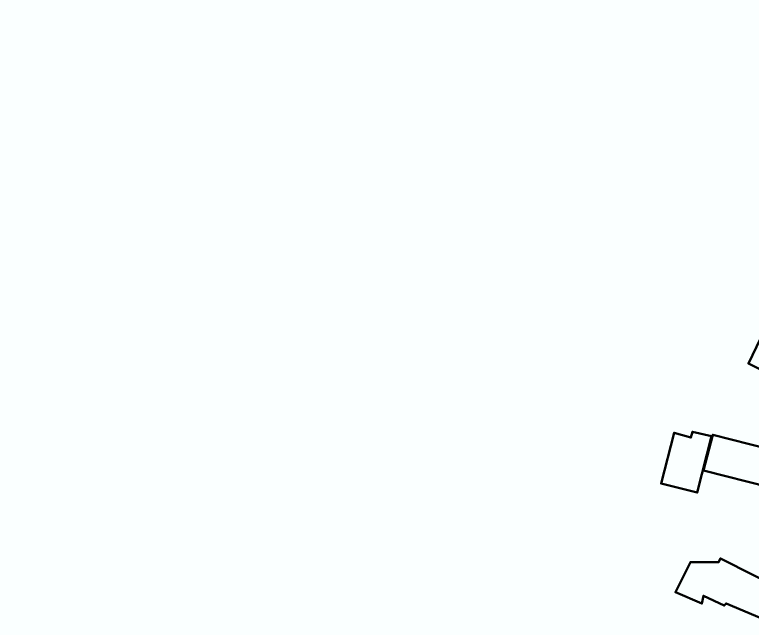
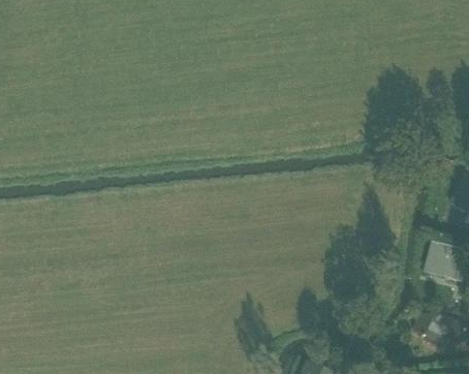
building: [661,432,712,492] -> none

